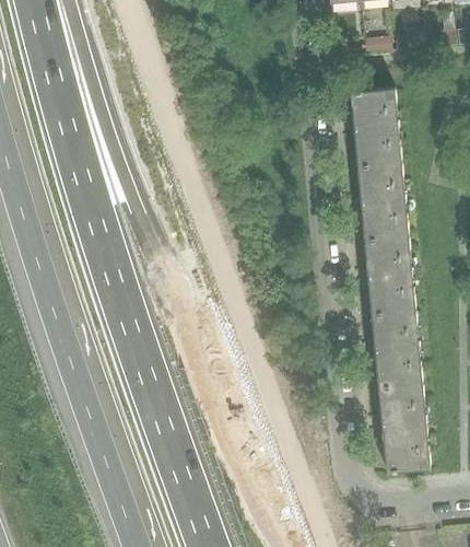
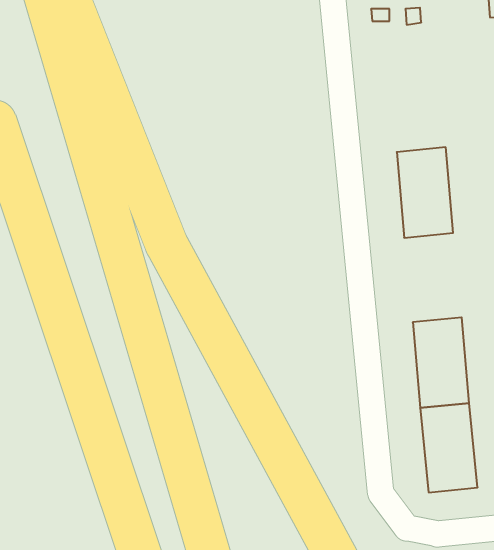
building: [351,86,402,166] -> none
building: [365,238,416,318] -> none

